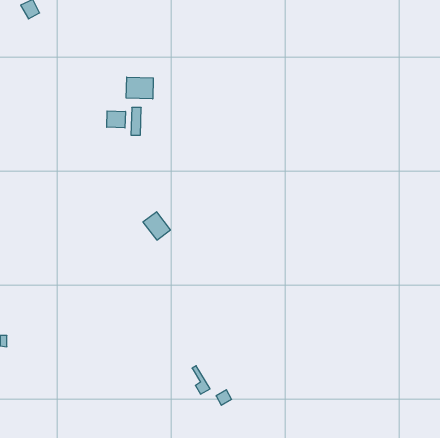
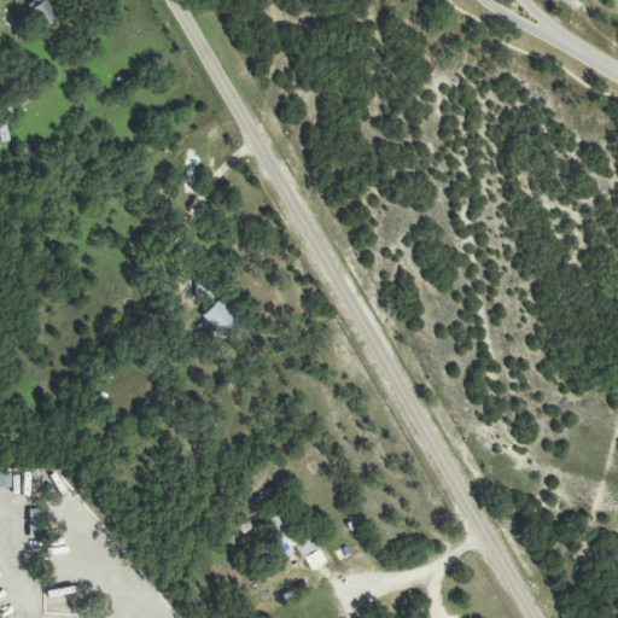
building: [126,77,153,99] -> none
building: [107,111,125,128] -> none

